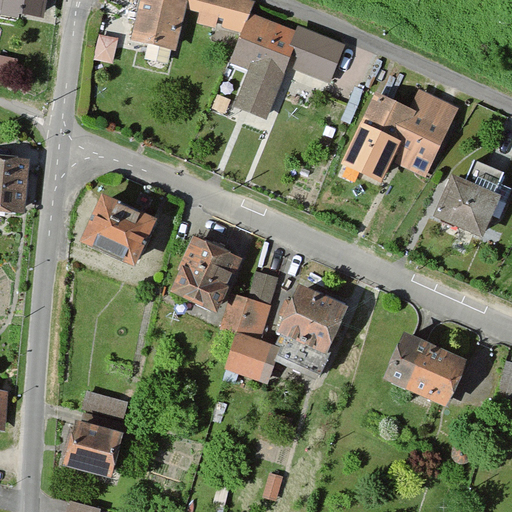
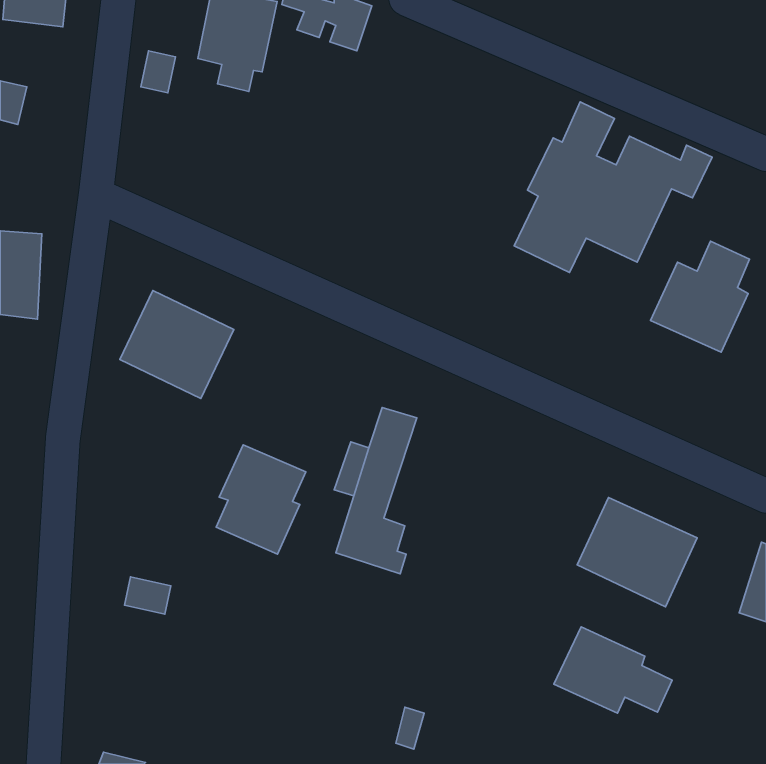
building: [231,12,343,117] -> none
building: [175,238,235,311] -> [216,445,306,554]
building: [277,290,346,381] -> none
building: [65,413,134,476] -> none
building: none -> [554,627,672,713]

